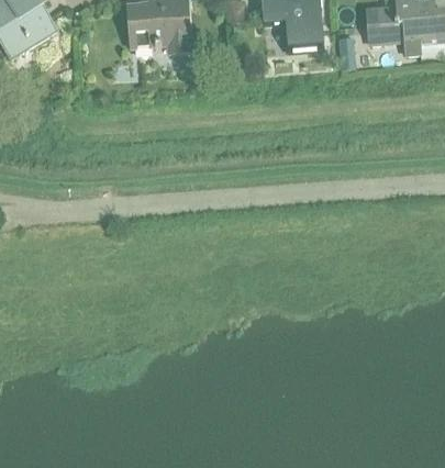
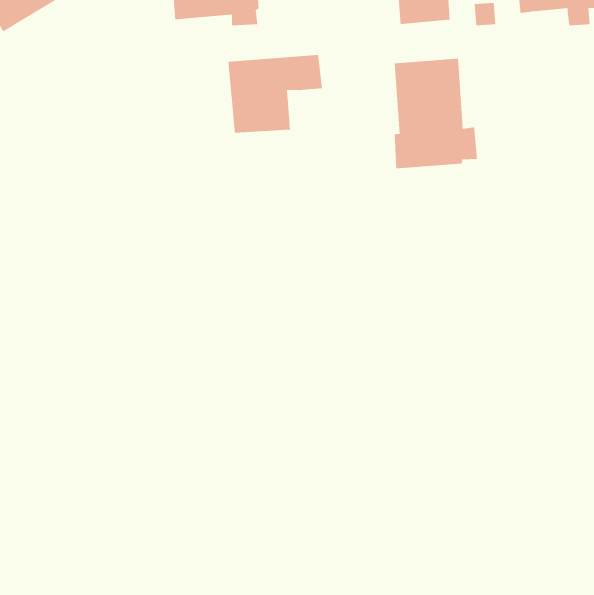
building: none -> [228,54,323,133]
building: none -> [394,58,478,169]

